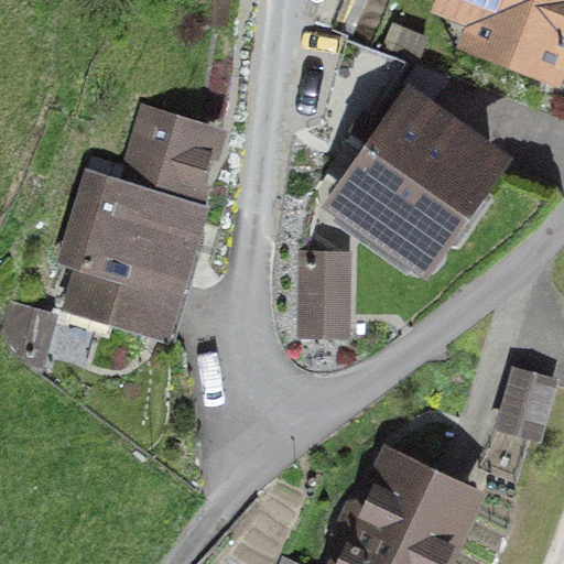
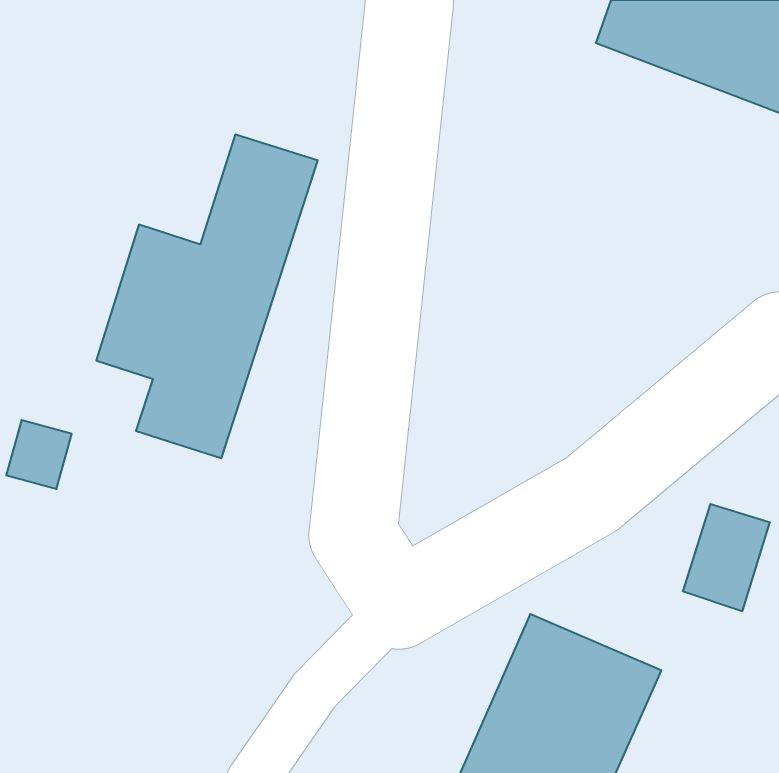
building: [318,87,500,274] -> none
building: [301,261,354,345] -> none

